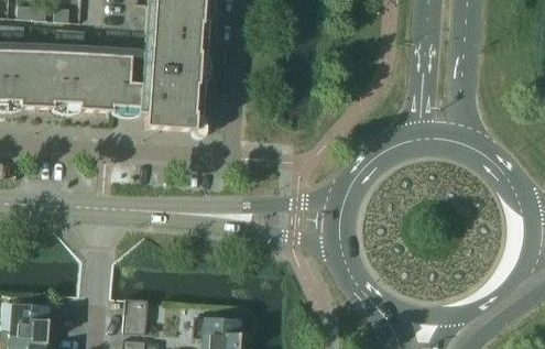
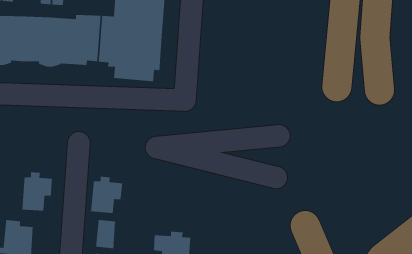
building: none -> [21,171,53,212]
building: none -> [90,176,123,214]

